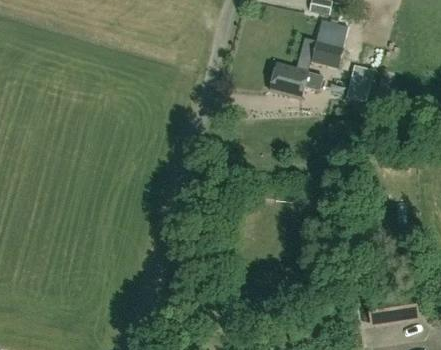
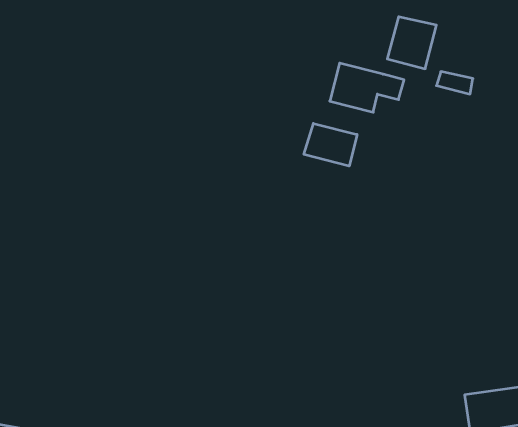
building: none -> [304,123,357,166]

